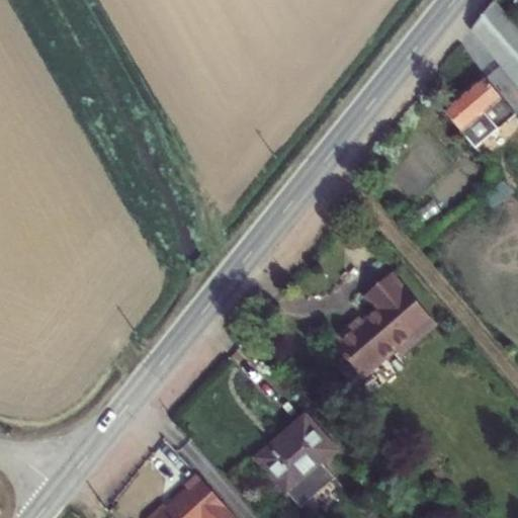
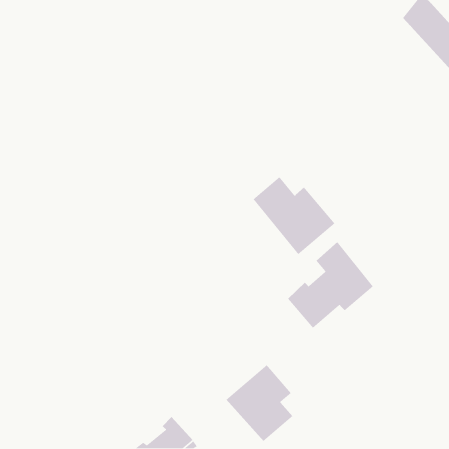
building: [438,66,506,134] -> none
building: none -> [252,176,335,255]

